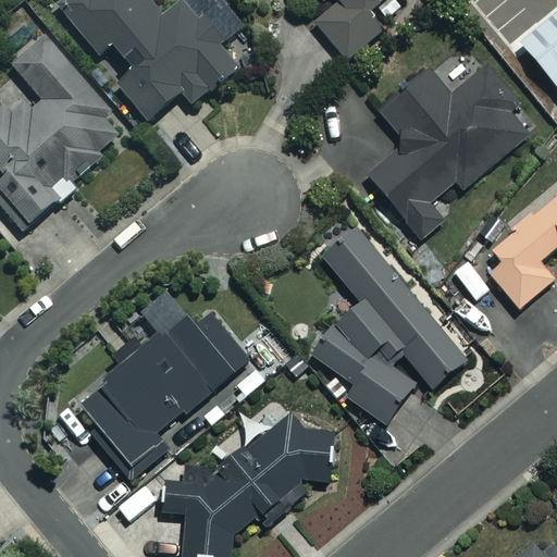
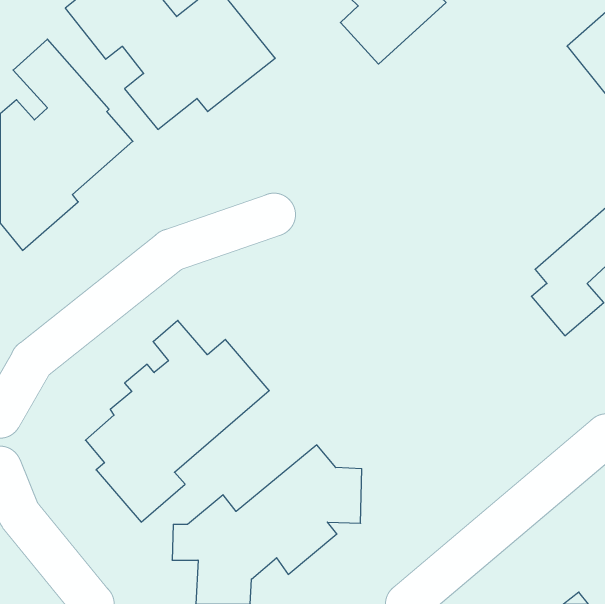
building: [369,62,530,238] -> none
building: [311,228,466,421] -> none

